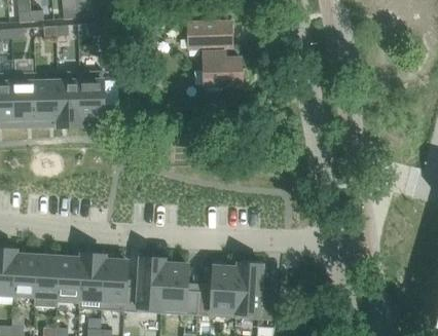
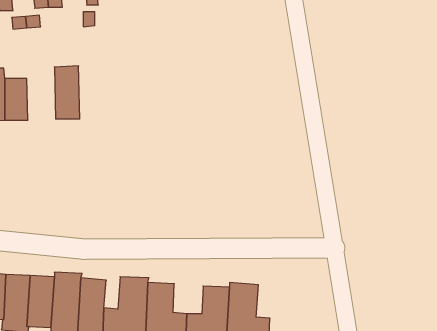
building: [187,21,247,106] -> none
building: [56,70,81,125] -> none

